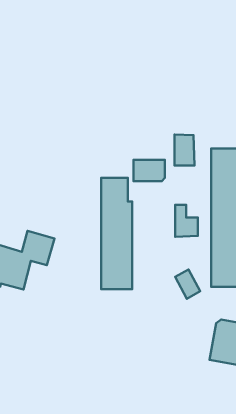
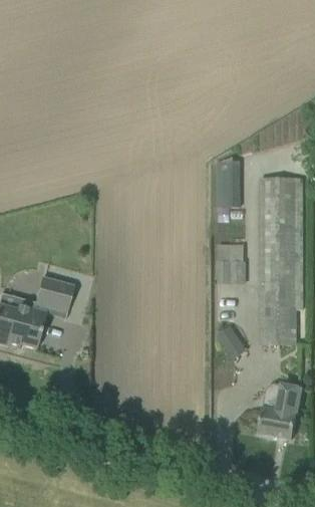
building: [133,160,165,181] -> none
building: [101,178,132,289] -> none

